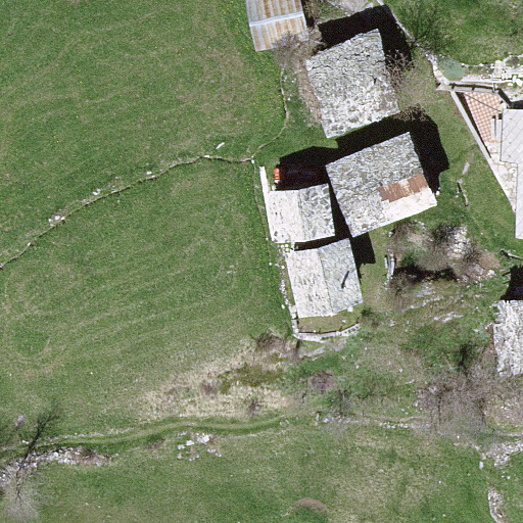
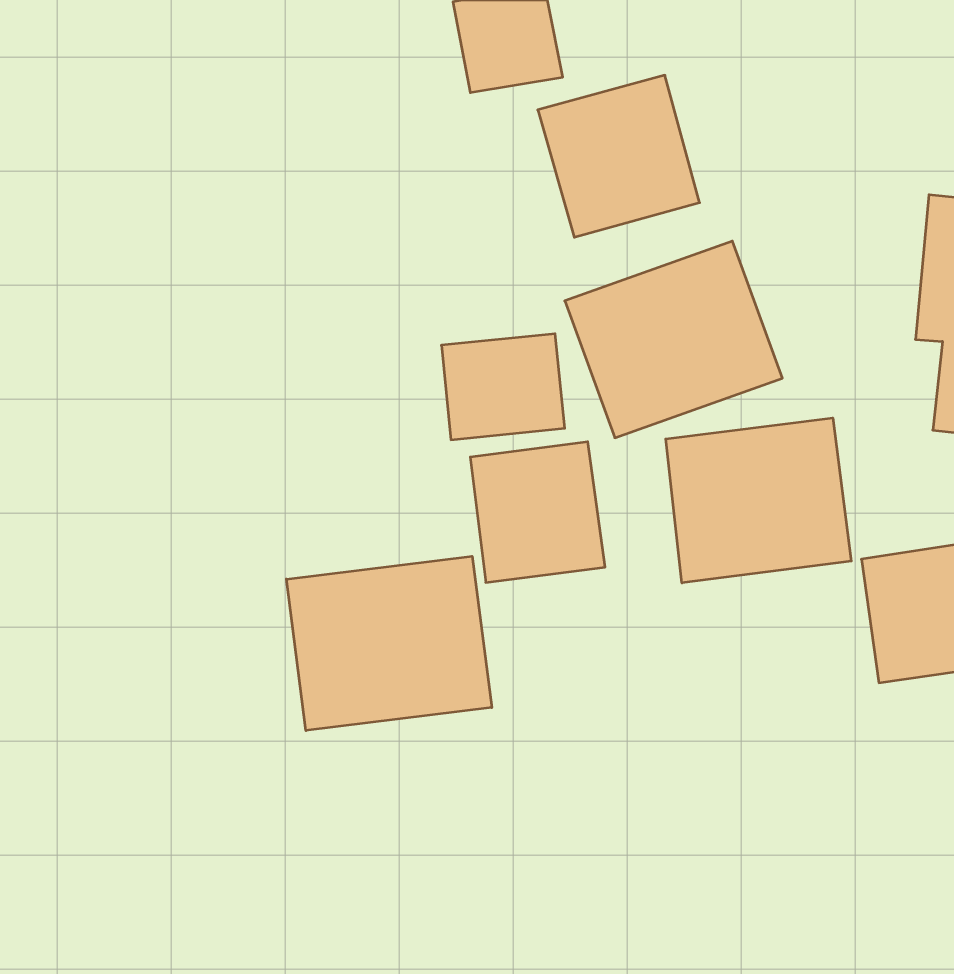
building: none -> [666,418,851,583]
building: none -> [286,556,492,731]

